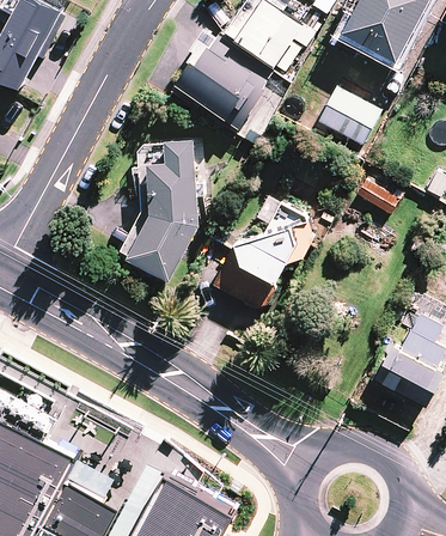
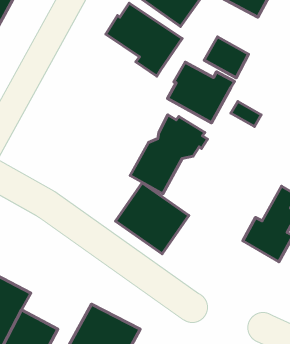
building: none -> [167,62,234,123]
building: [121,139,198,280] -> none
building: none -> [116,183,189,254]

